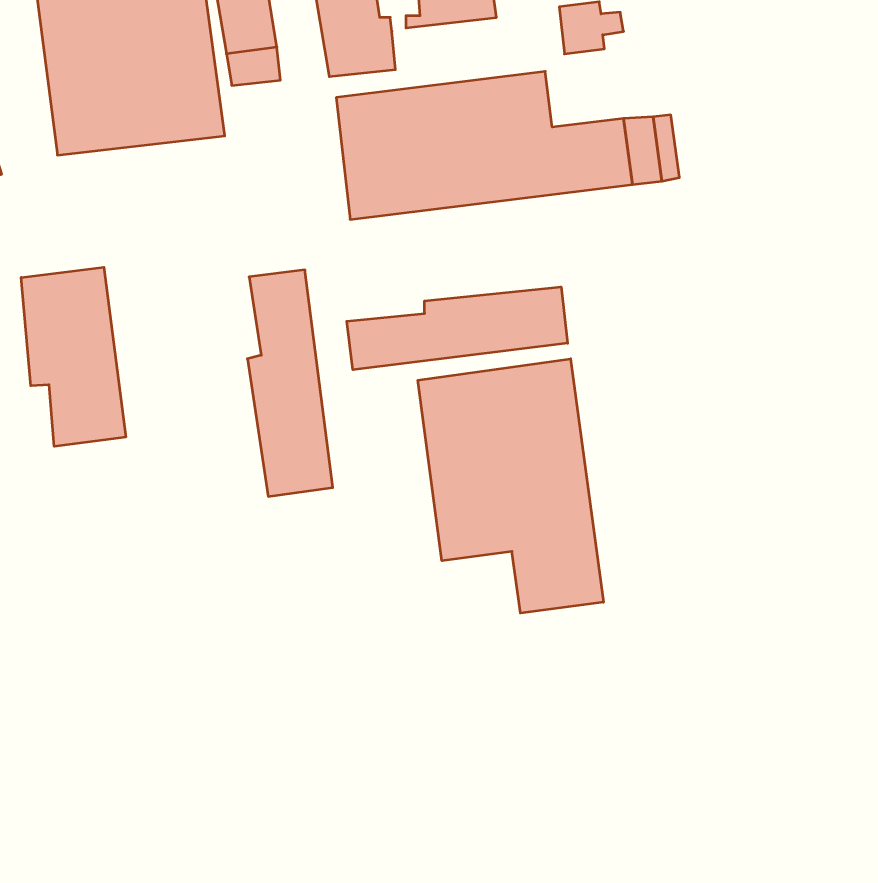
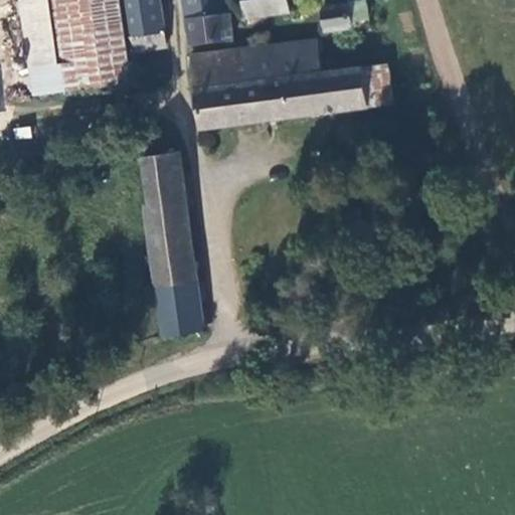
building: [21,267,126,446] -> none
building: [347,287,568,370] -> none
building: [418,359,603,613] -> none
building: none -> [155,282,198,336]

